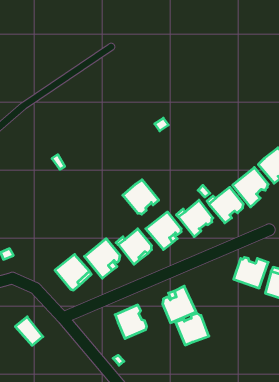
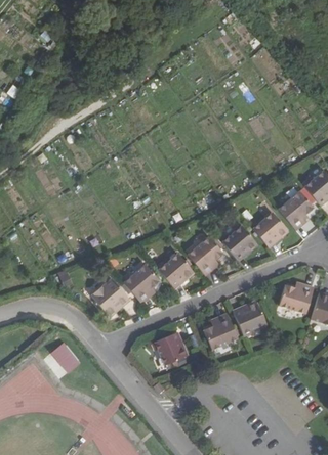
building: [123,180,159,214] -> none
building: [175,313,209,345] -> [232,300,266,332]

